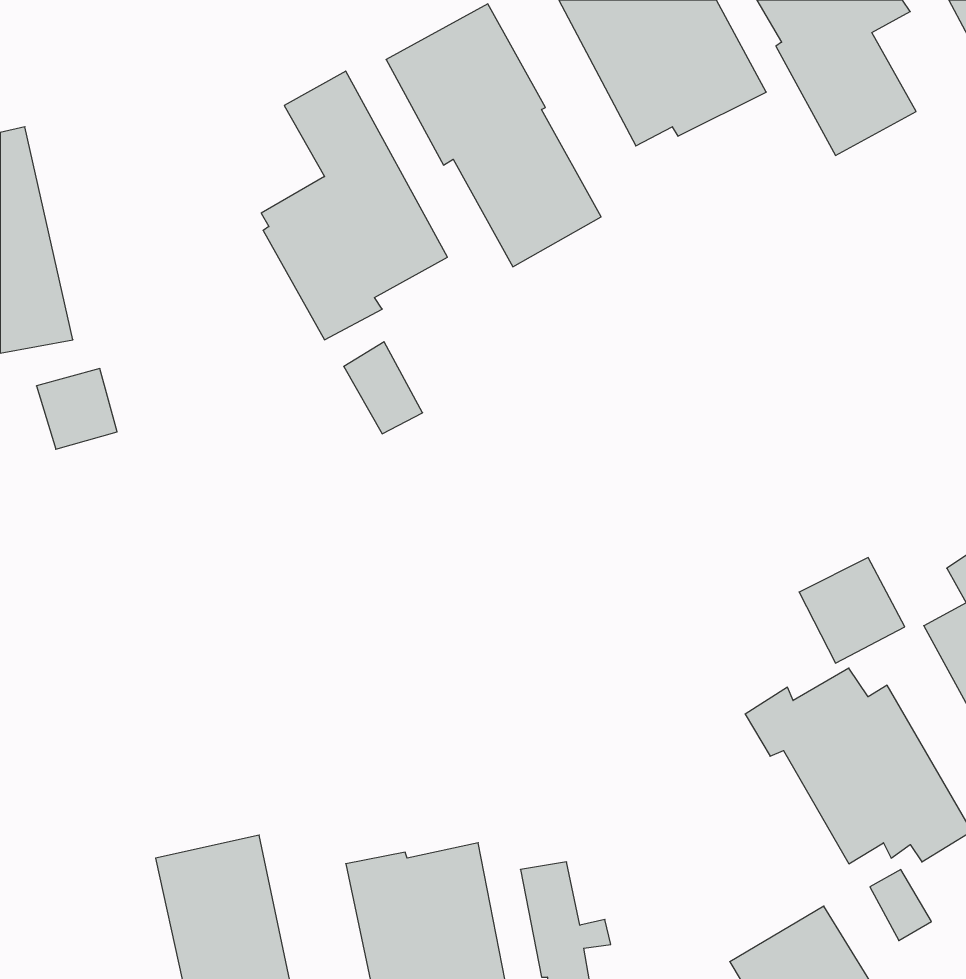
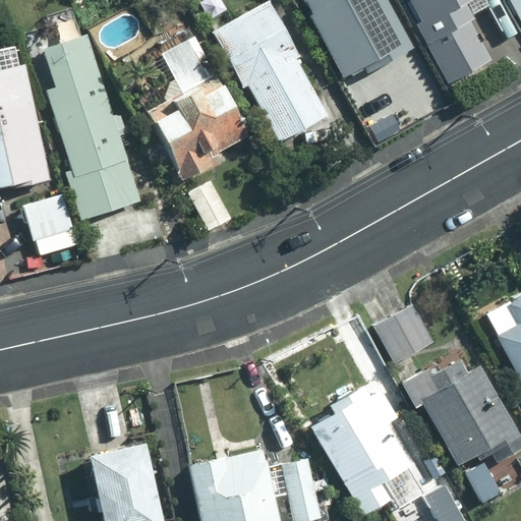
building: none -> [43,37,139,220]
building: [799,558,905,663] -> [377,303,432,359]
building: none -> [310,383,410,510]

